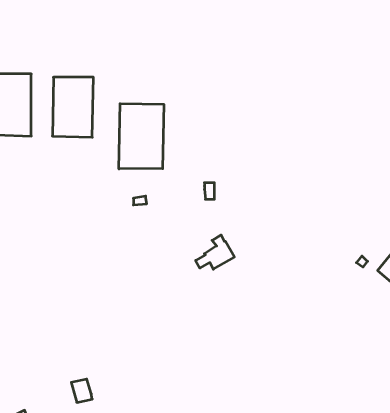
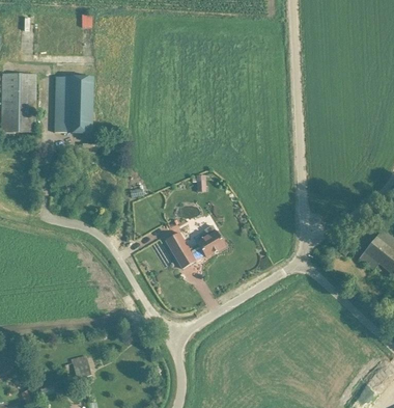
building: [119,104,164,169] -> none
building: none -> [166,232,196,268]

